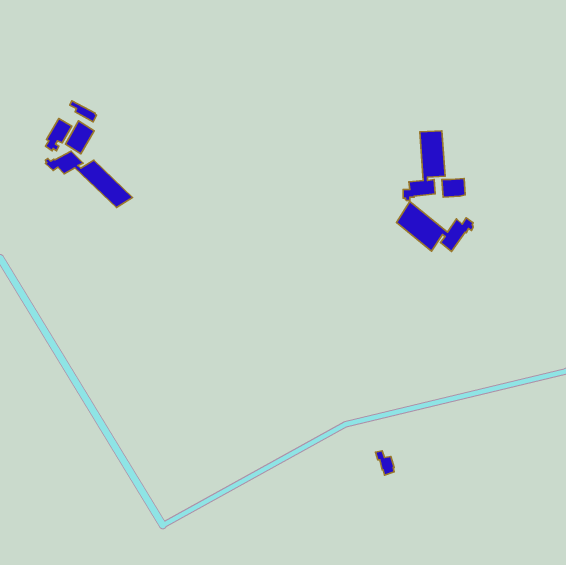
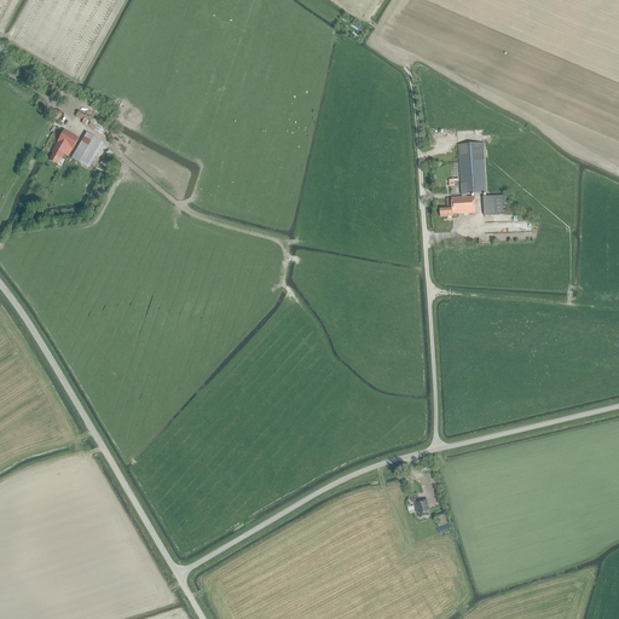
building: [45,151,132,207] -> none
building: [397,202,473,252] -> none

